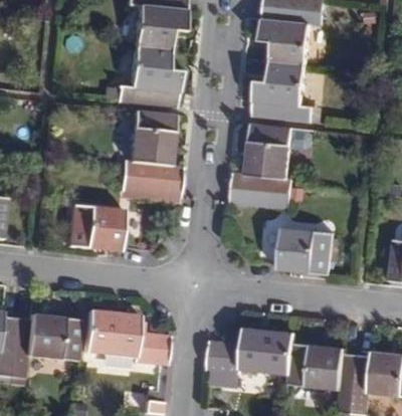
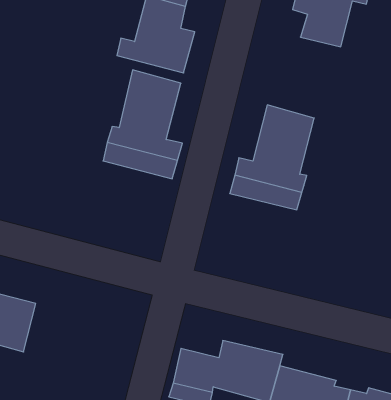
building: [252,61,313,121] -> none
building: [68,205,124,252] -> none
building: [278,227,334,274] -> none
building: [84,310,171,365] -> none

